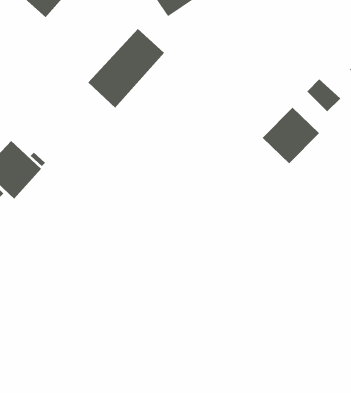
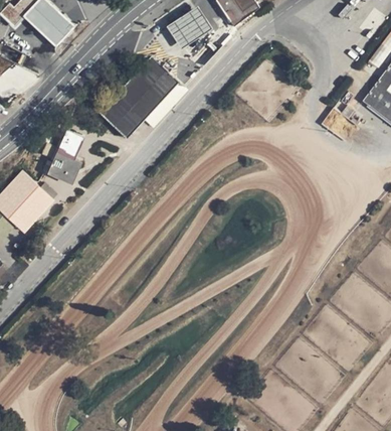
building: none -> [43,131,81,182]
building: [262,107,320,164] -> none

